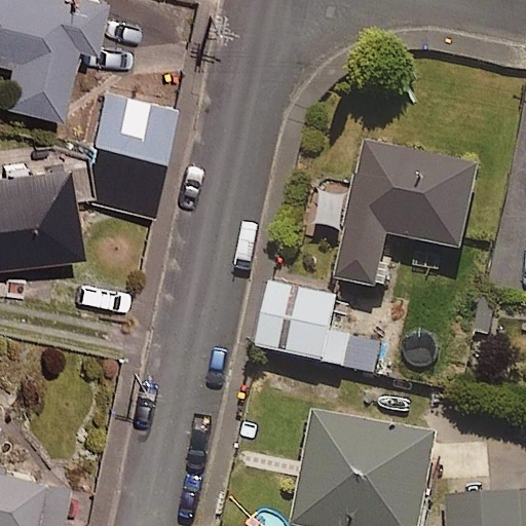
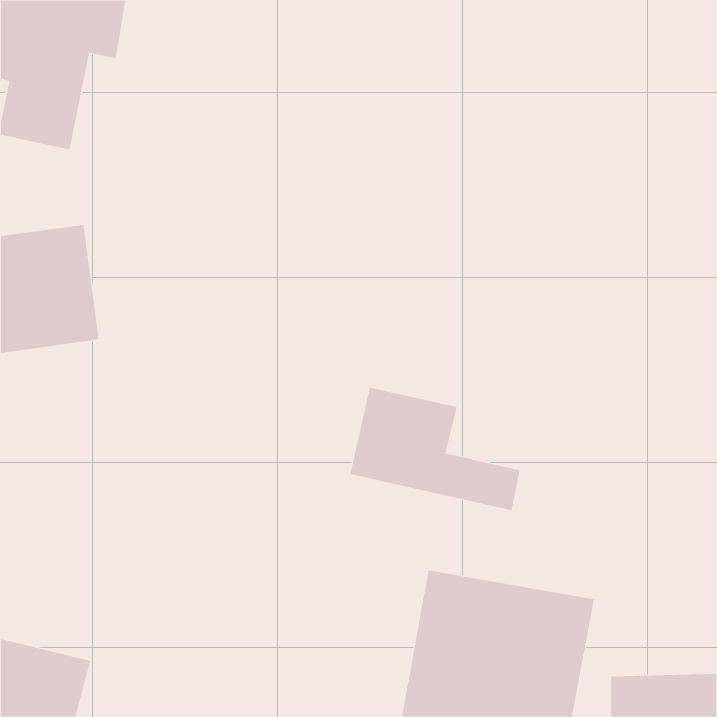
building: [84,91,171,213] -> none
building: [335,143,477,288] -> none

